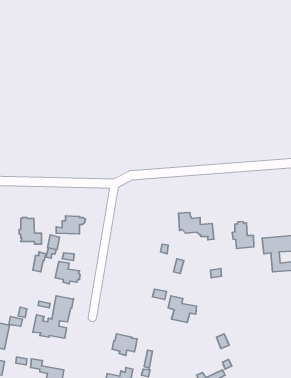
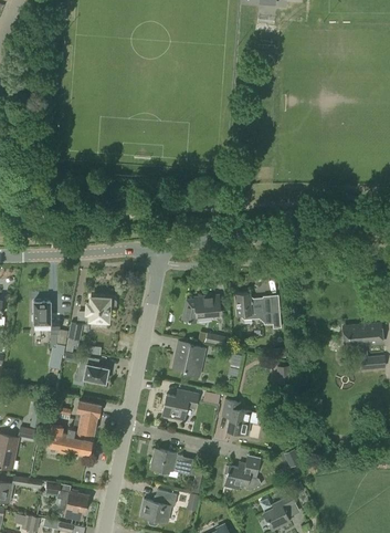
building: none -> [182,295,220,322]
building: [232,222,254,248] -> none
building: none -> [172,343,205,375]
building: none -> [161,390,198,418]
building: none -> [223,454,261,490]

